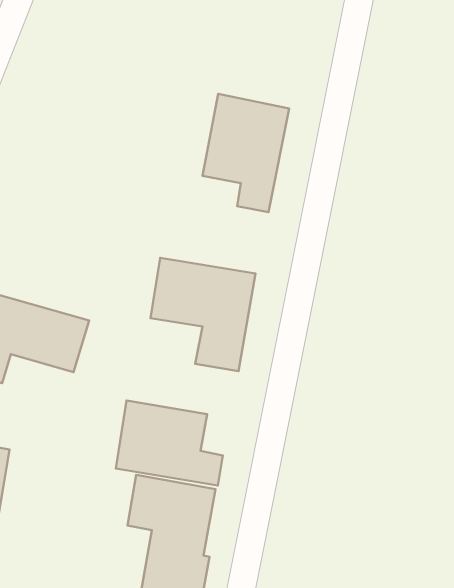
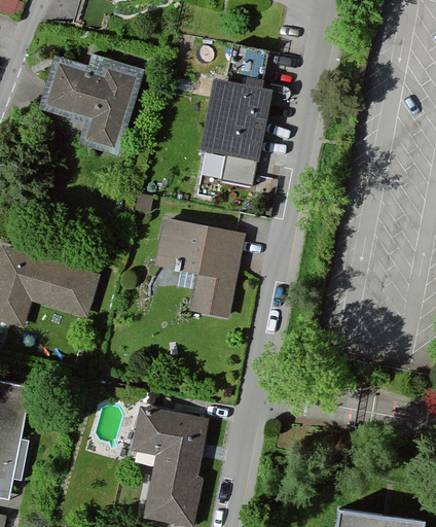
building: none -> [38,56,144,157]
building: [116,400,223,485] -> none

